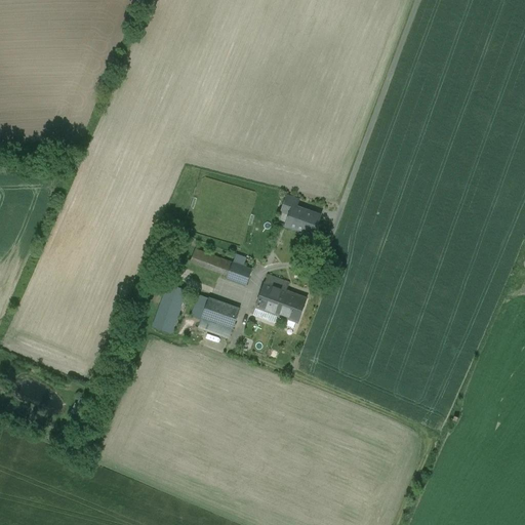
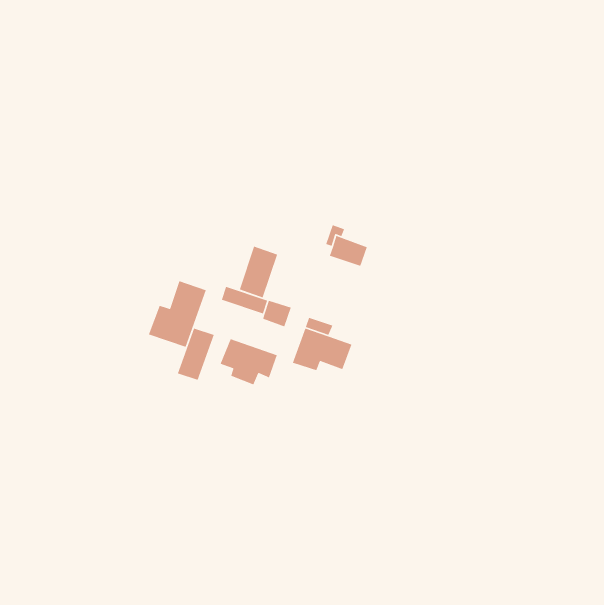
building: none -> [239,245,278,298]
building: none -> [148,280,207,348]

